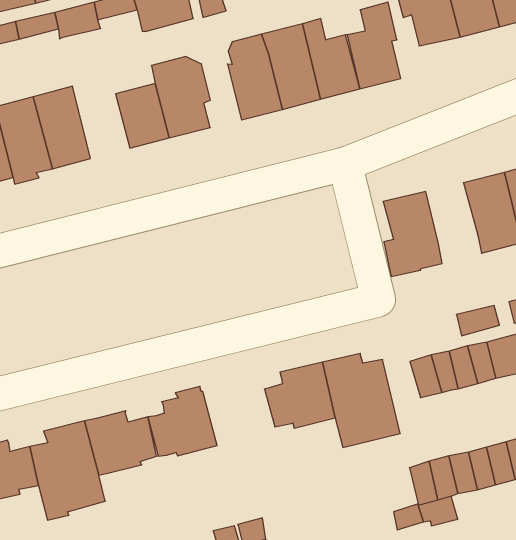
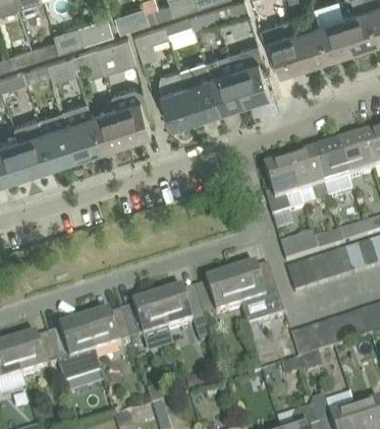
building: none -> [62,103,101,156]
building: none -> [289,156,328,204]
building: none -> [280,234,318,262]
building: none -> [157,290,204,331]

